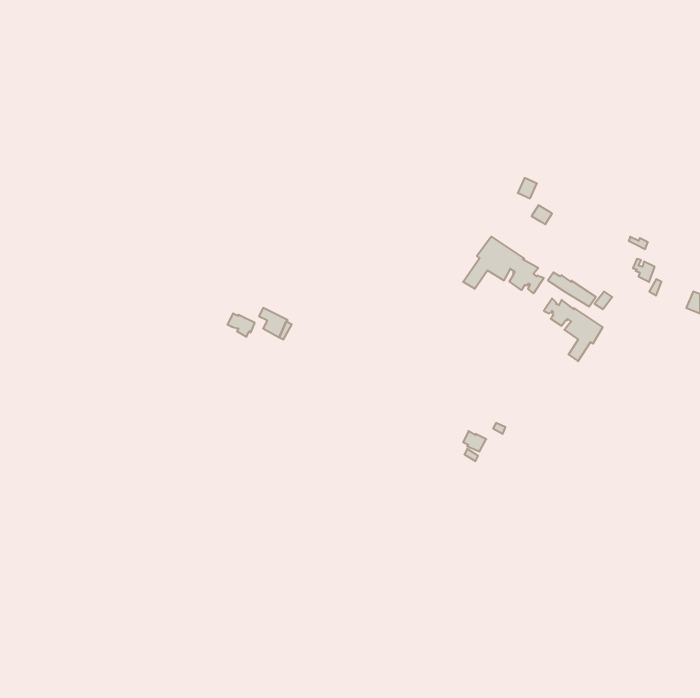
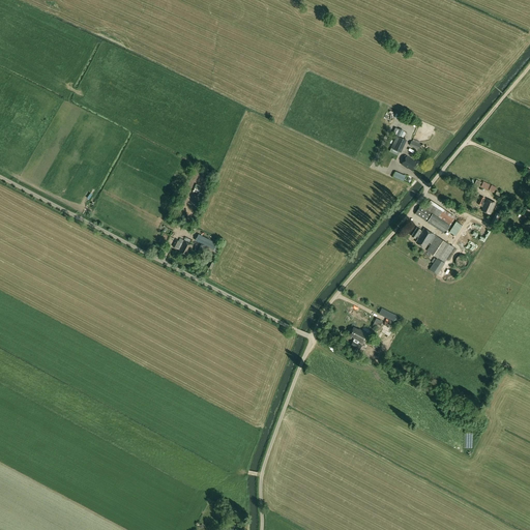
building: [463,237,544,293] -> none

